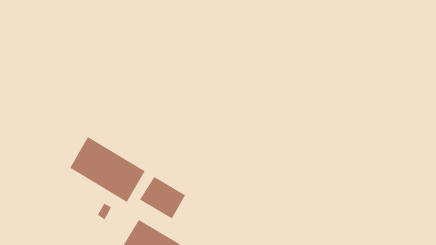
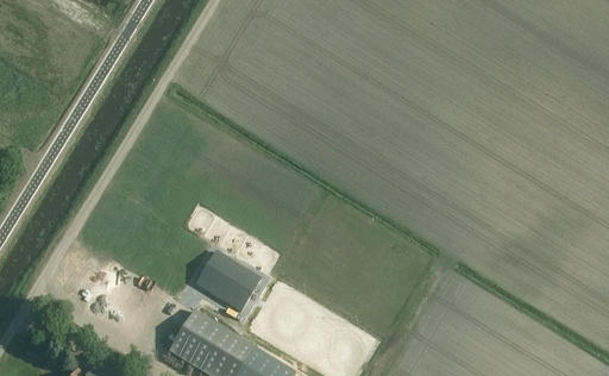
building: [69,136,145,203] -> none

